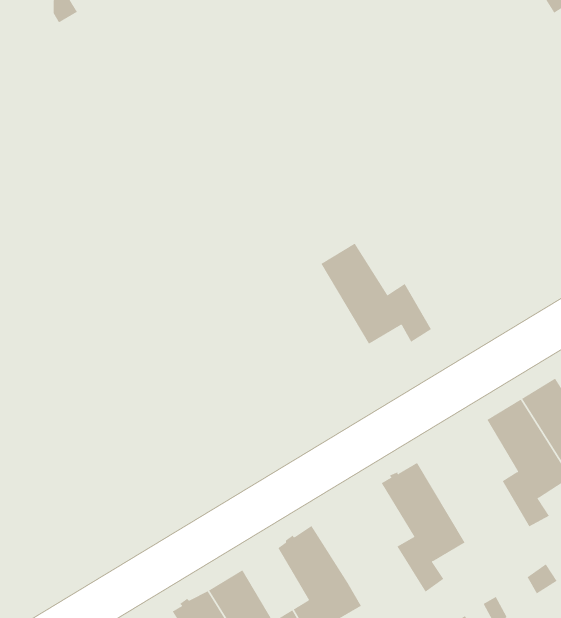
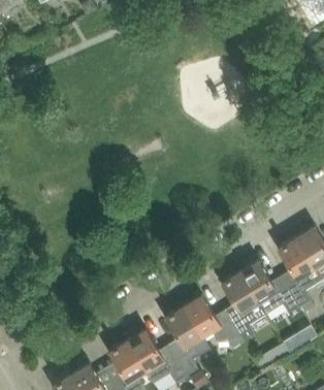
building: [321,243,432,344] -> [239,259,299,314]
building: none -> [183,293,244,347]

